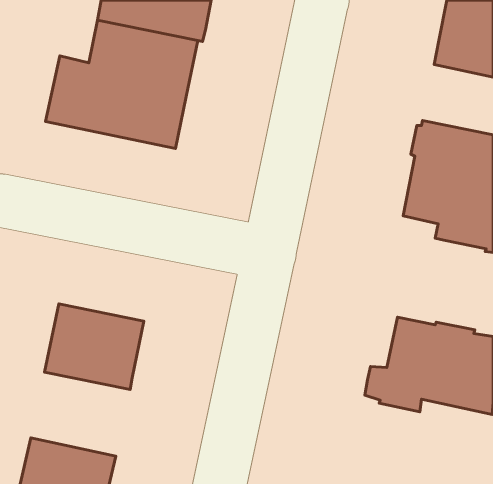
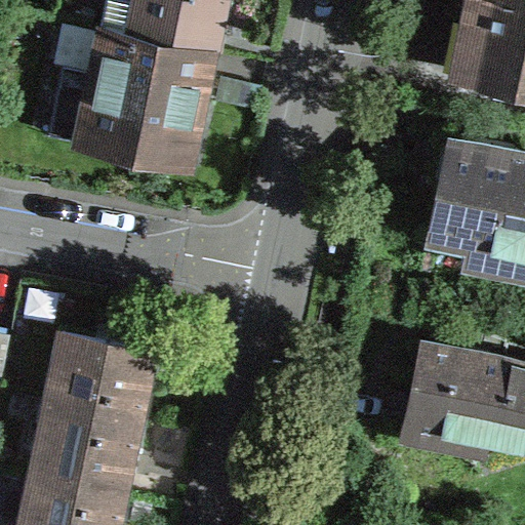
building: none -> [33,405,138,494]

